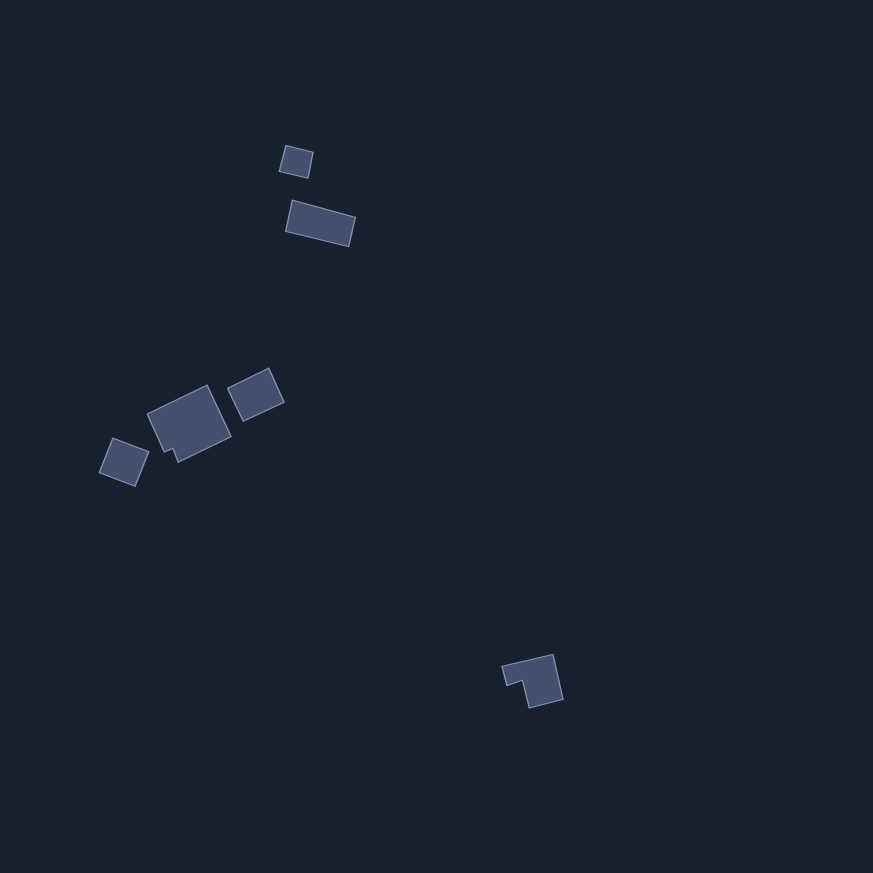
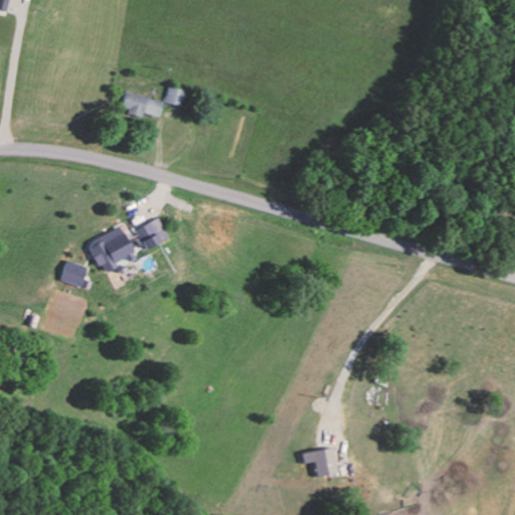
building: [285,200,356,246] -> [120,91,161,118]
building: [502,655,563,708] -> [300,446,336,477]

